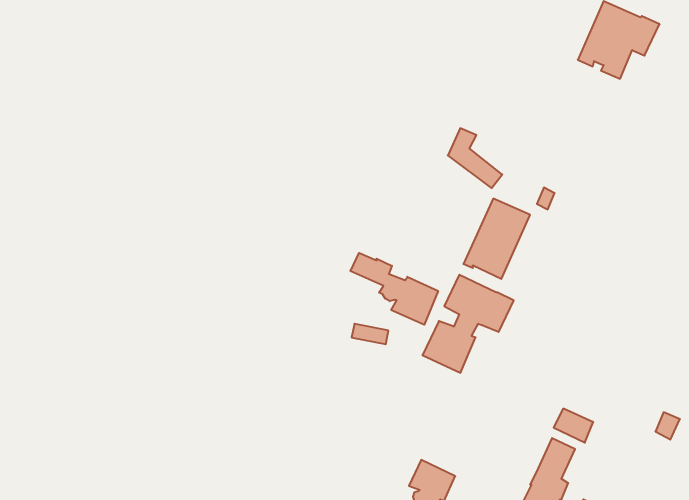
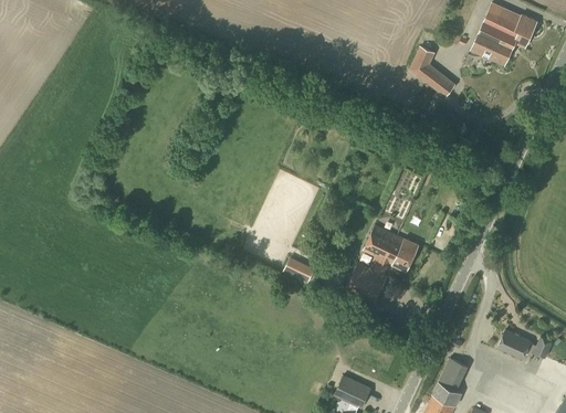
building: [448,128,502,188] -> [410,49,454,97]
building: [350,253,438,325] -> none
building: [554,409,593,443] -> [497,331,530,359]

